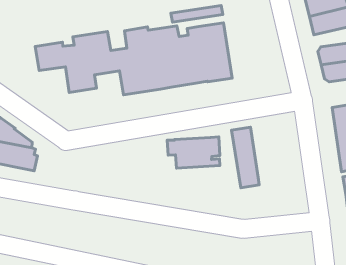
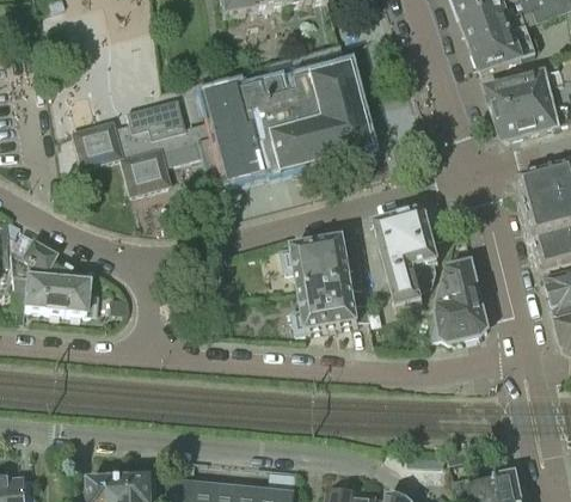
building: none -> [401,210,438,288]
building: none -> [436,261,487,339]
building: none -> [291,276,369,330]

